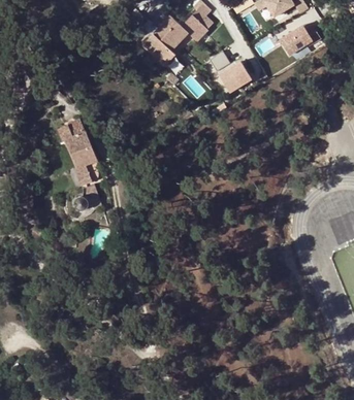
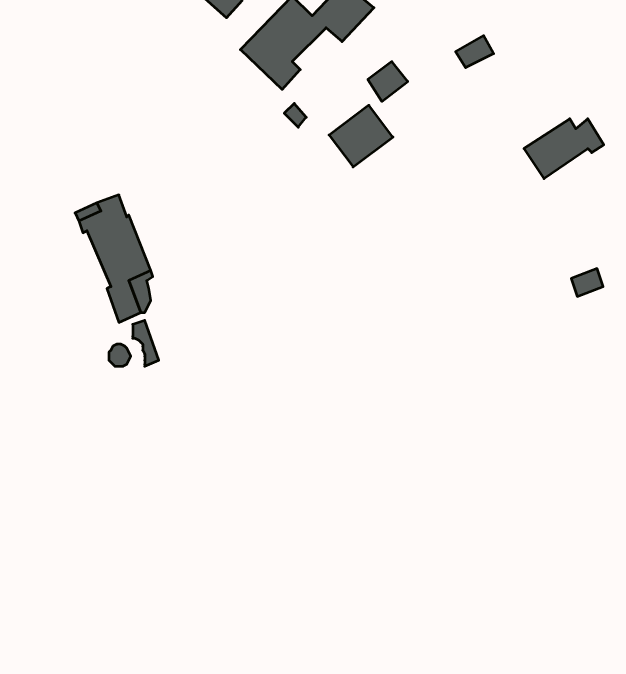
building: [279,25,320,56] -> [524,119,604,179]
building: [220,60,253,92] -> [329,105,393,167]

